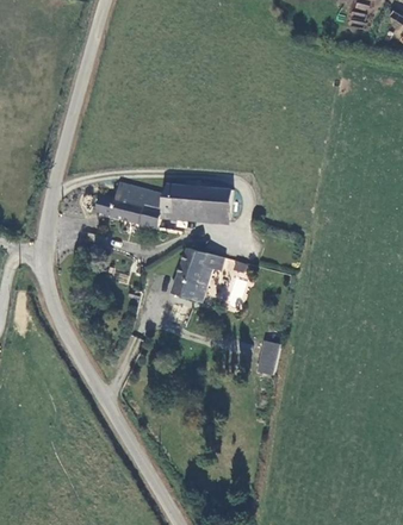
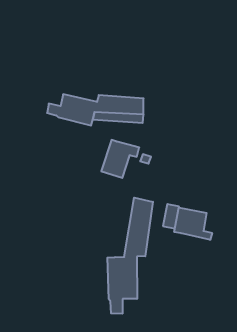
building: none -> [107,198,153,314]
building: none -> [174,208,212,240]

